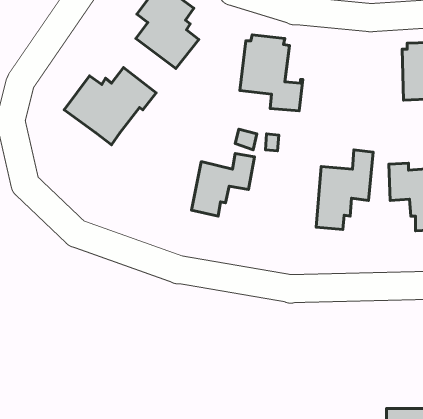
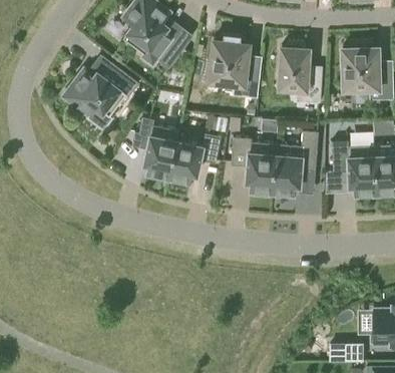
building: none -> [279,43,322,104]
building: none -> [132,118,179,181]
building: none -> [231,138,276,196]

